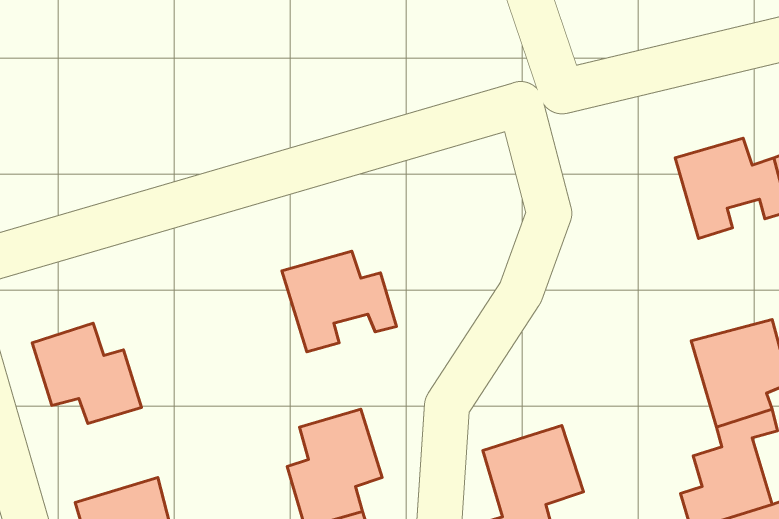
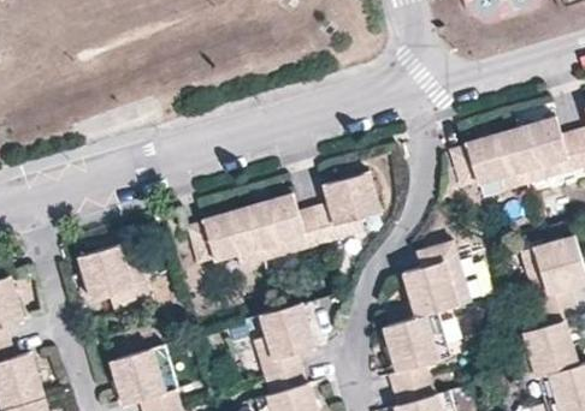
building: none -> [454,130,527,190]
building: none -> [314,172,383,243]
building: none -> [191,207,264,267]
building: none -> [403,239,469,315]

